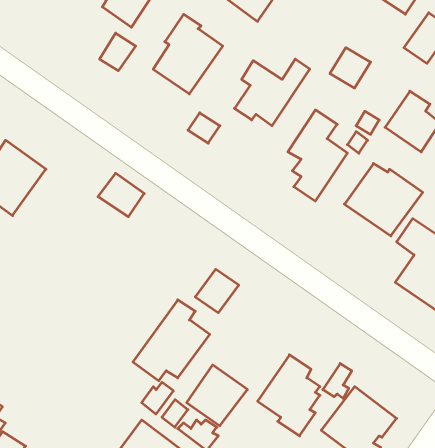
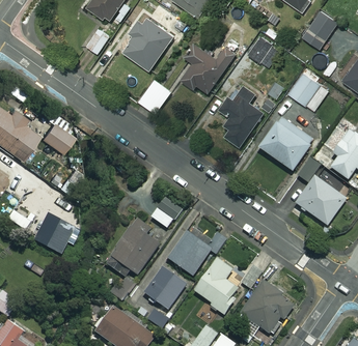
building: [98,173,144,217] -> [39,121,73,152]
building: none -> [35,211,68,248]
building: none -> [168,230,227,275]

